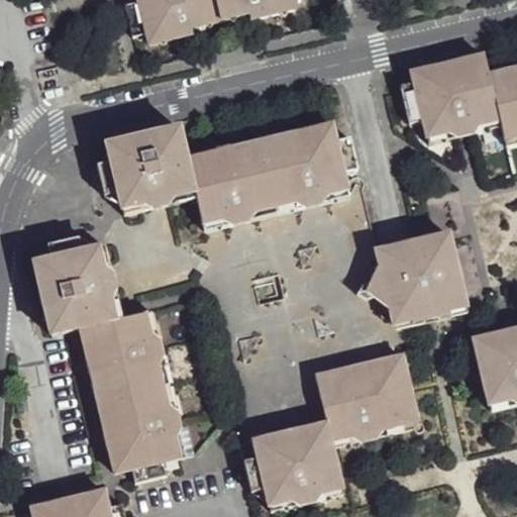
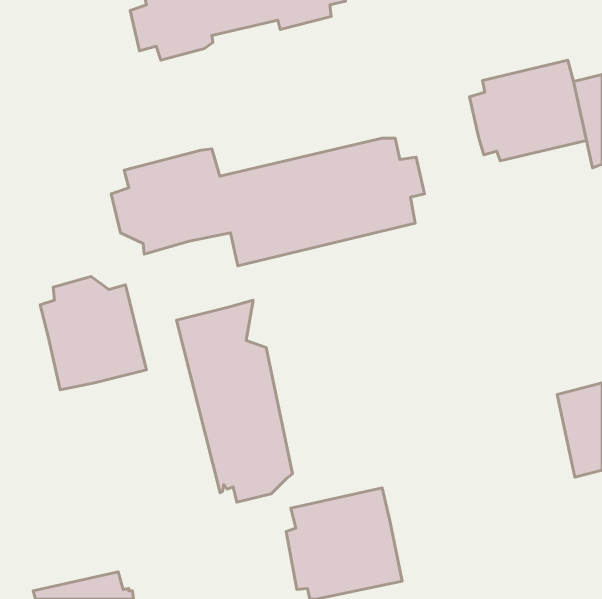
building: [378,229,469,318] -> none
building: [81,310,180,483] -> [176,300,292,502]
building: [318,355,420,446] -> none

